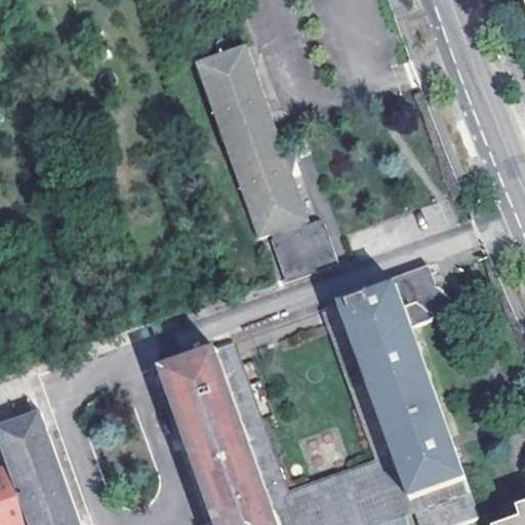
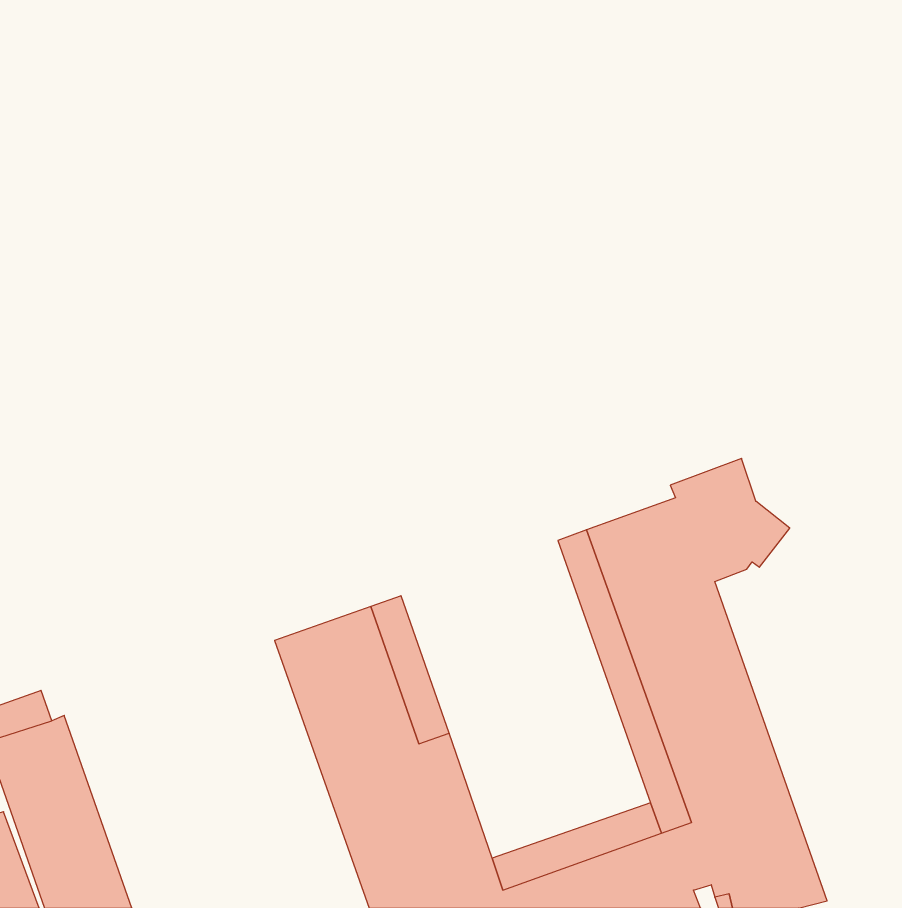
building: [197,43,340,279] -> none

